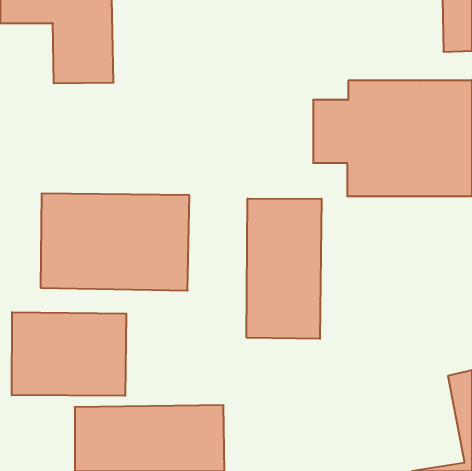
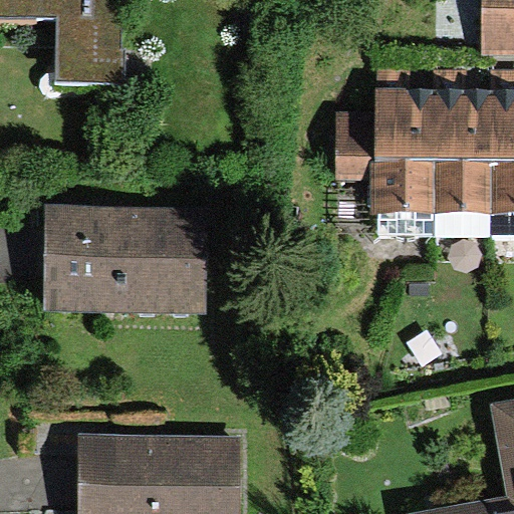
building: [247,198,322,339] -> none
building: [12,312,126,396] -> none

